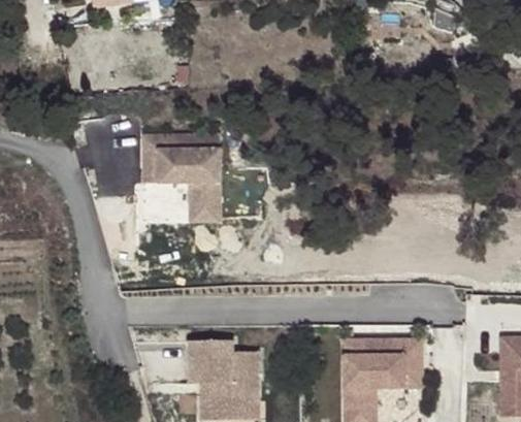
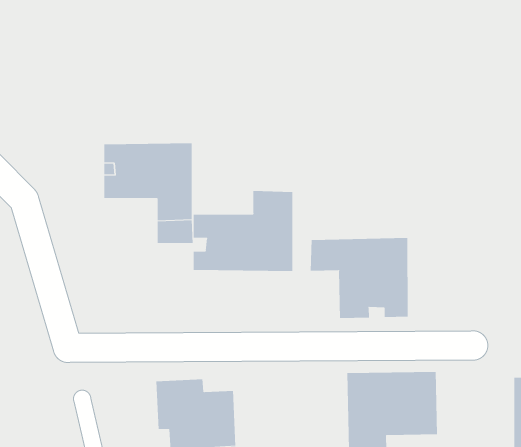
building: none -> [193,190,293,272]
building: none -> [310,237,408,319]

